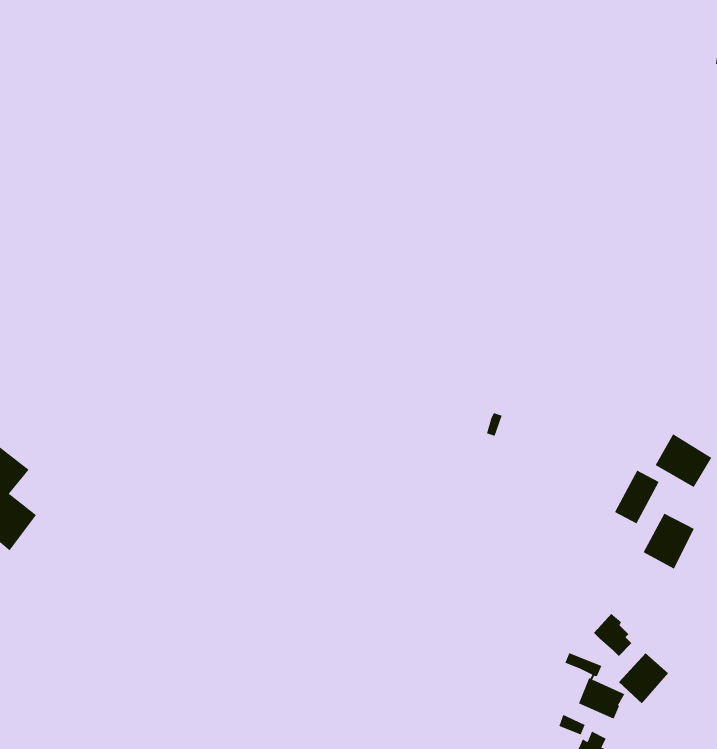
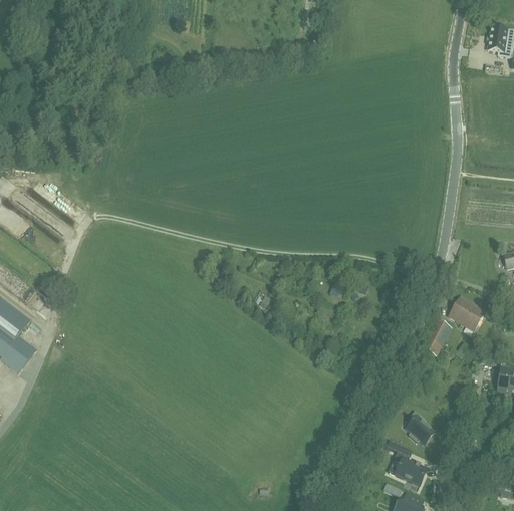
building: [643,513,695,570] -> none
building: [618,652,669,704] -> none

